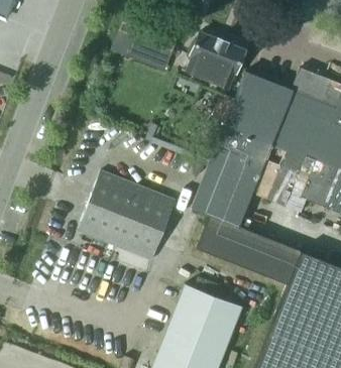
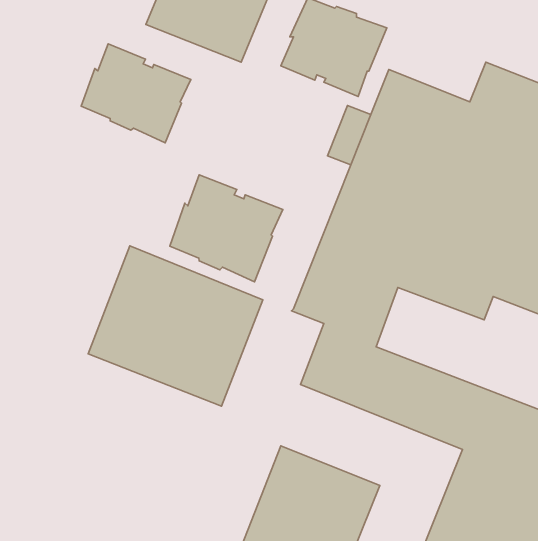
building: none -> [81,44,191,143]
building: none -> [170,175,283,282]

